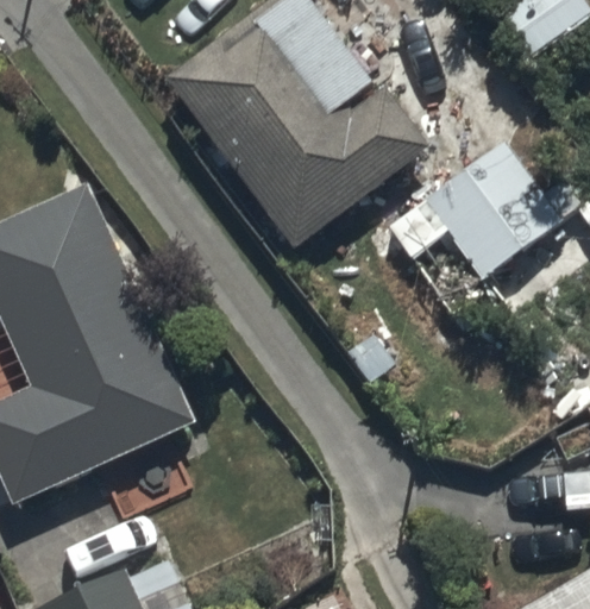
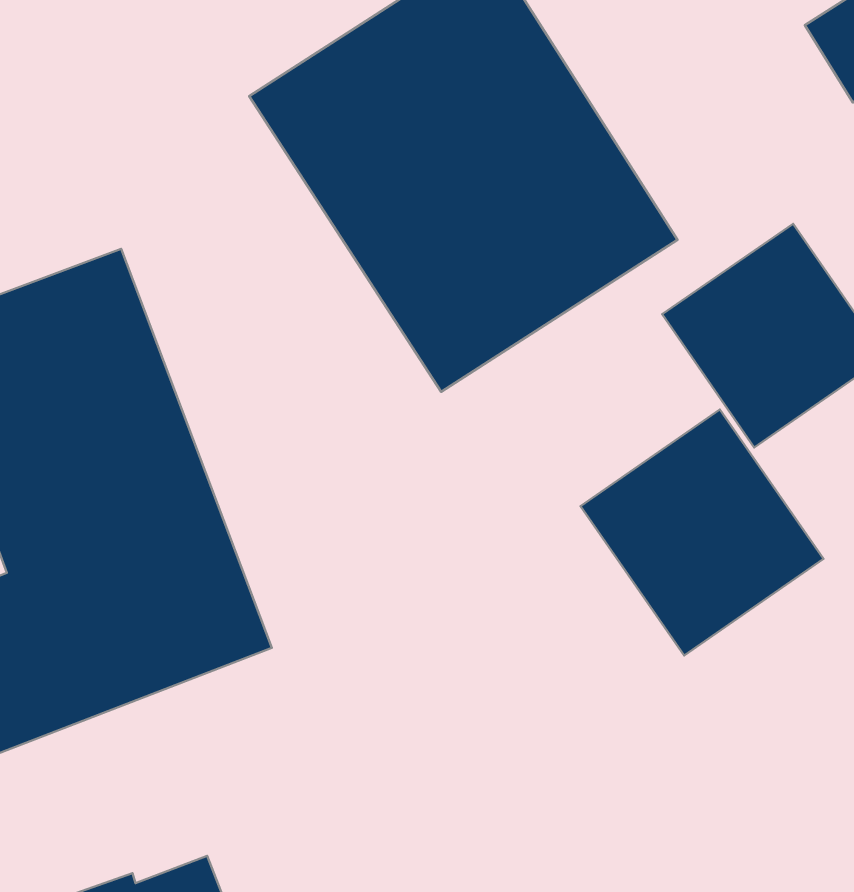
building: none -> [580,410,824,656]

